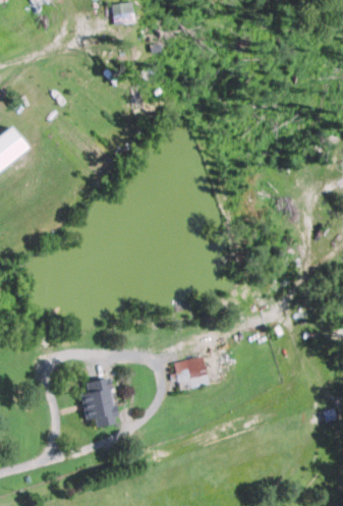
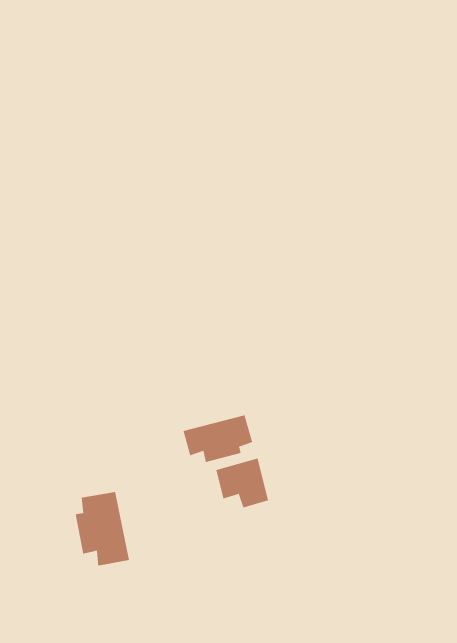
building: none -> [183,414,253,463]

